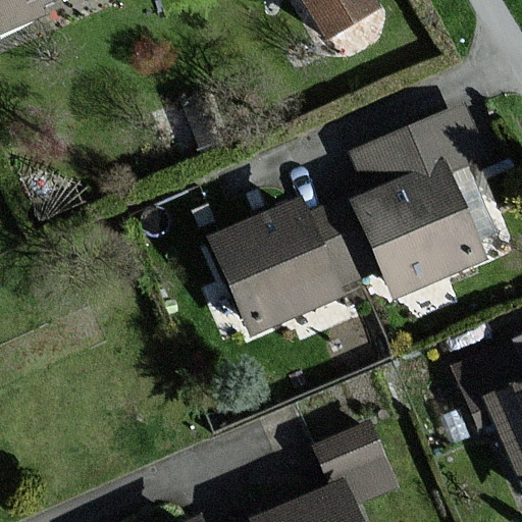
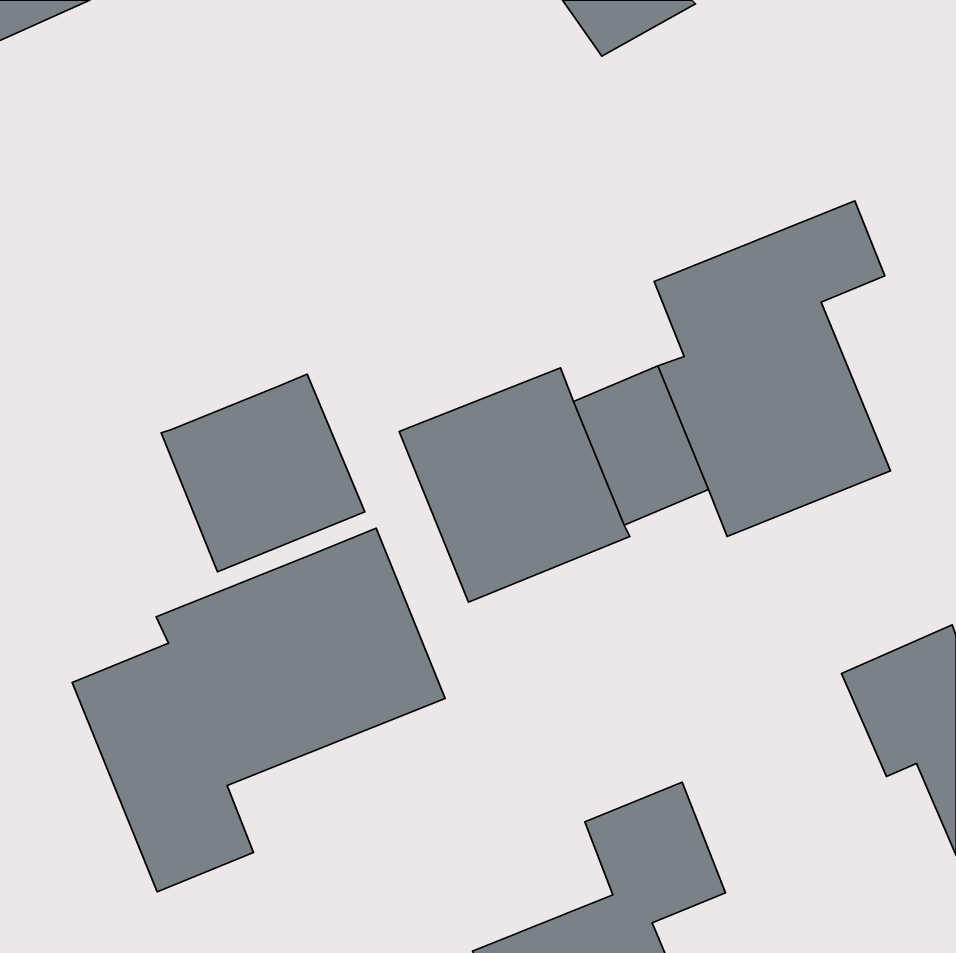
building: none -> [161,374,365,572]
building: none -> [72,528,445,892]

